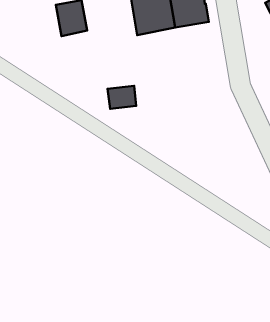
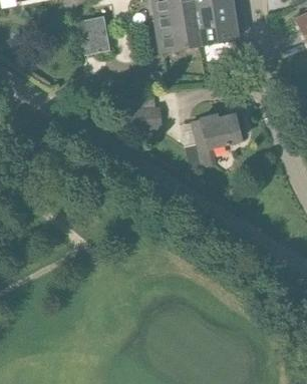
building: none -> [185,113,241,168]

